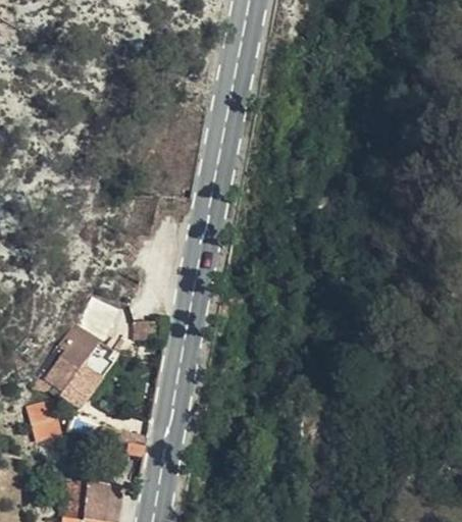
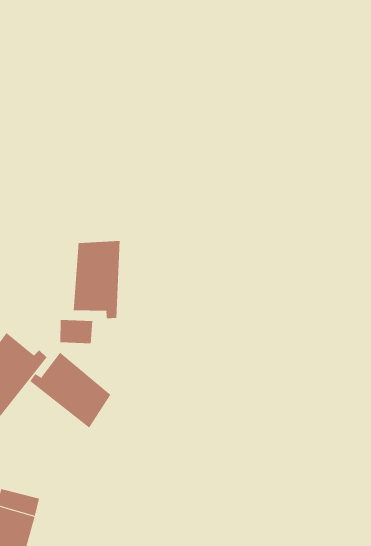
building: none -> [73,240,120,319]
building: none -> [30,352,111,429]

